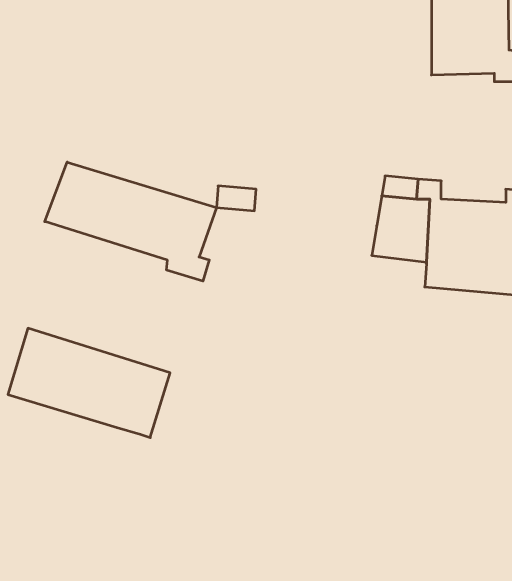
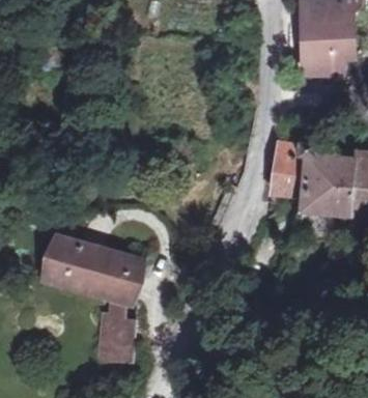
building: [45,162,216,281] -> none
building: none -> [92,296,134,364]

